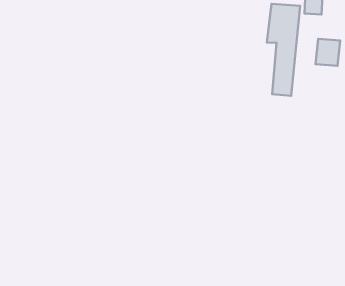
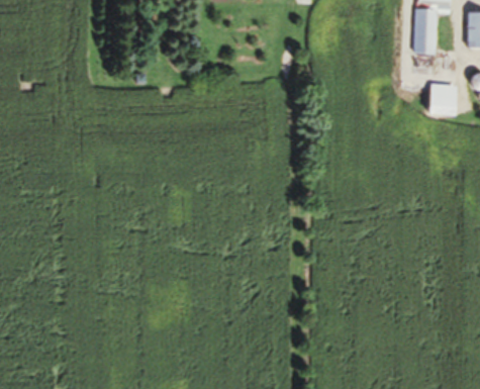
building: [267,4,300,96] -> none

